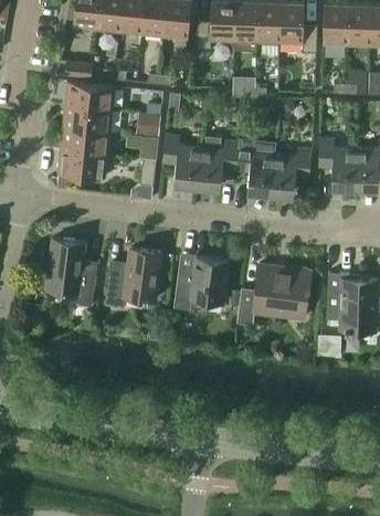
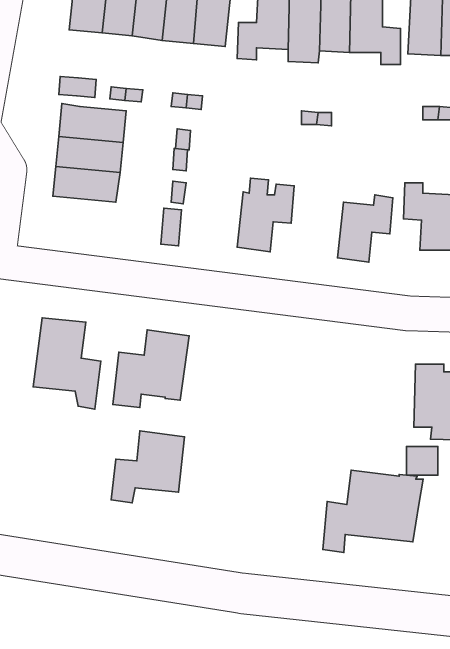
building: [162,136,201,188] -> none
building: [236,143,275,196] -> none
building: [59,150,107,179] -> none
building: [175,257,229,310] -> [111,431,185,503]
building: [238,265,312,326] -> [323,470,423,552]

